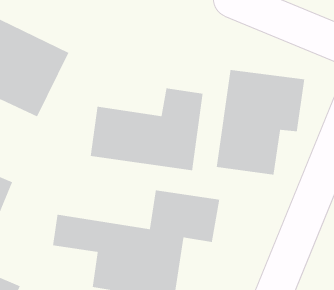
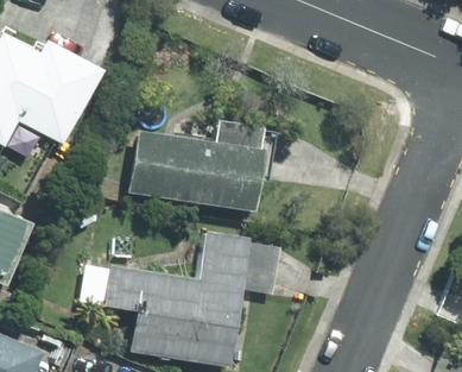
building: [216,69,305,175] -> none

